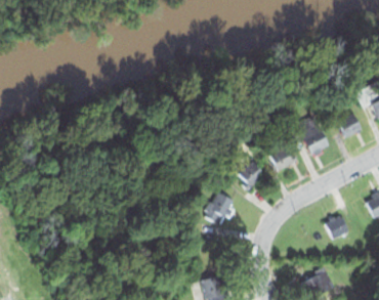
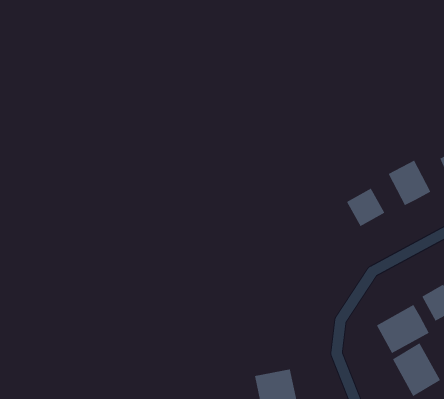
building: [235,163,264,192] -> none
building: [202,190,235,226] -> none
building: none -> [376,304,429,354]

